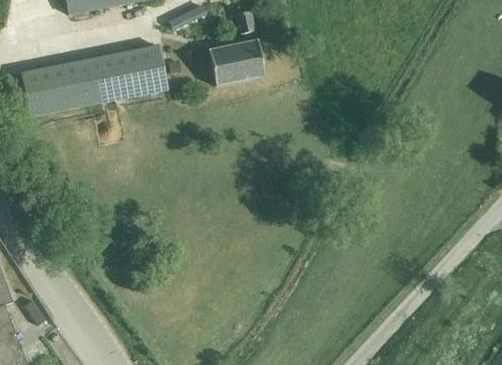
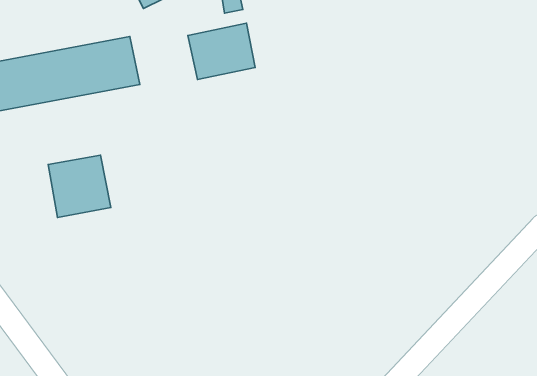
building: none -> [48,155,111,217]

